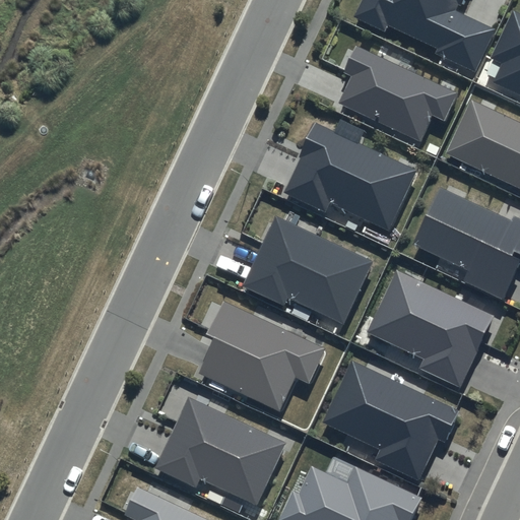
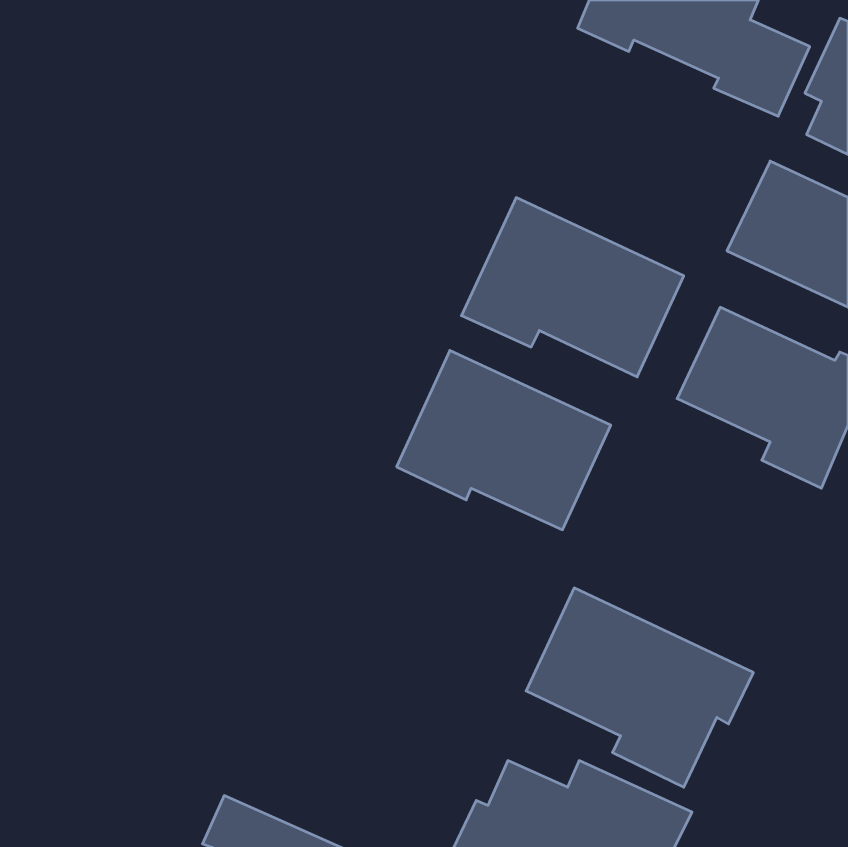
building: [339,46,459,142] -> none
building: [367,270,495,389] -> none
building: [198,301,326,412] -> none
building: [153,396,285,506] -> none

